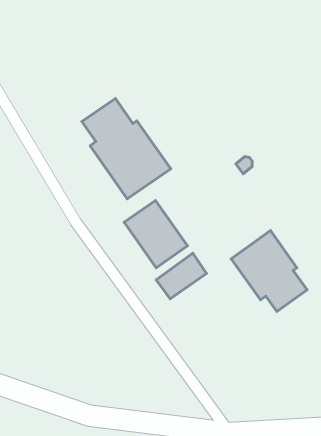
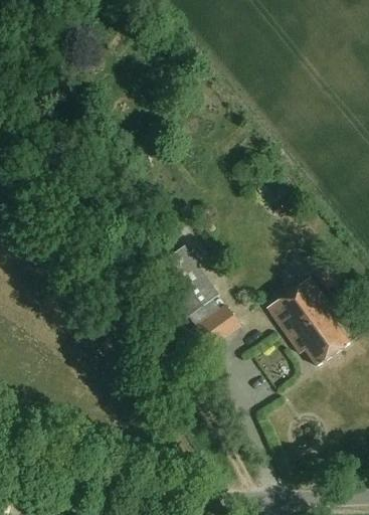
building: [82,99,171,199] -> none

